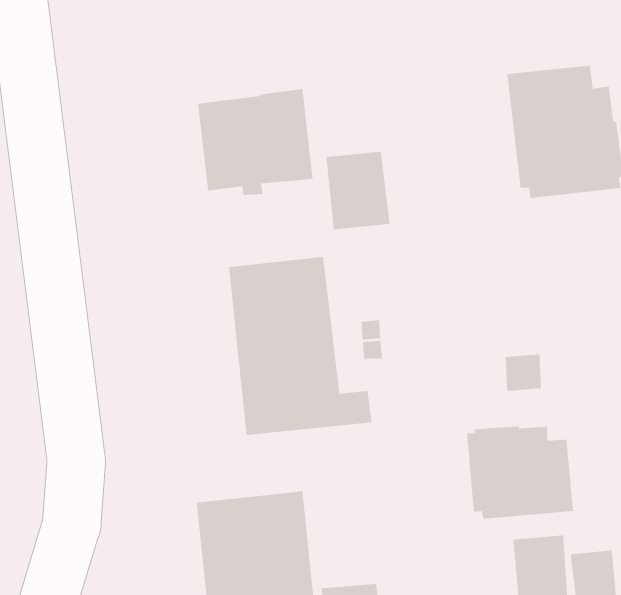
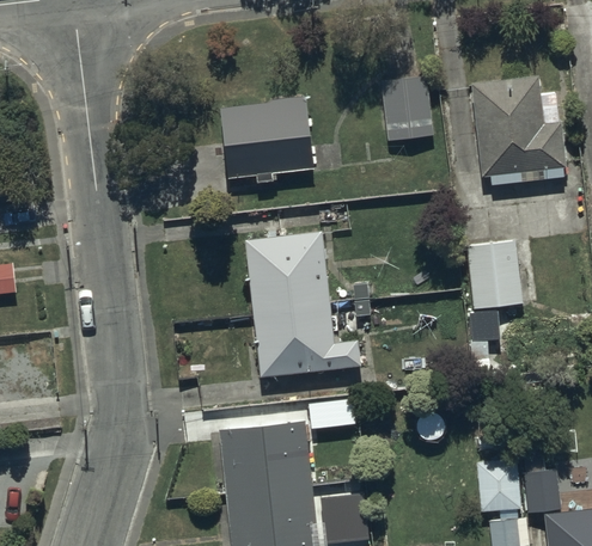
building: [326,151,390,230] -> [380,75,433,140]
building: none -> [465,240,523,309]
building: [466,425,574,519] -> none

